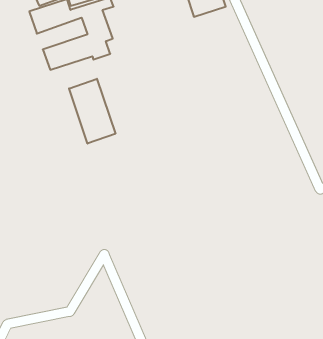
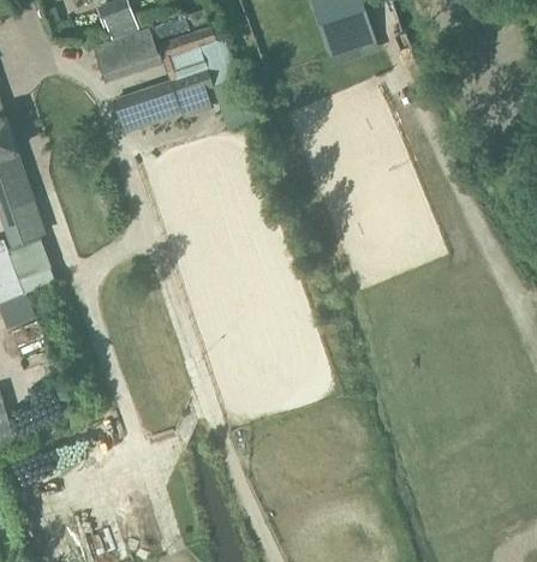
building: [69,79,115,144] -> none

